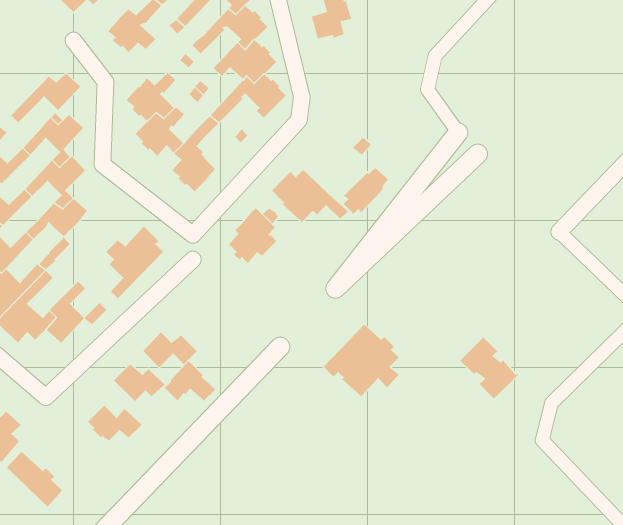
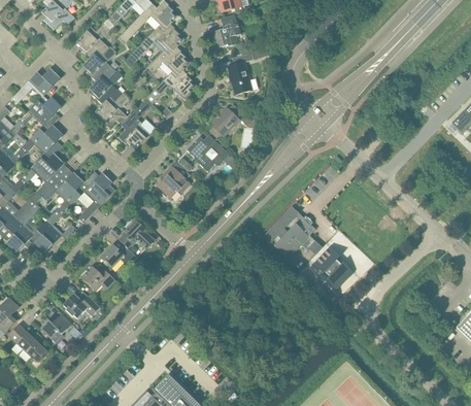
building: none -> [82,45,116,78]
building: none -> [228,52,258,94]
building: [343,167,389,215] -> [210,104,241,136]
building: none -> [41,172,83,214]
building: [323,324,399,397] -> [264,206,315,256]
building: [164,360,216,402] -> [119,219,154,247]
building: none -> [40,313,71,342]

